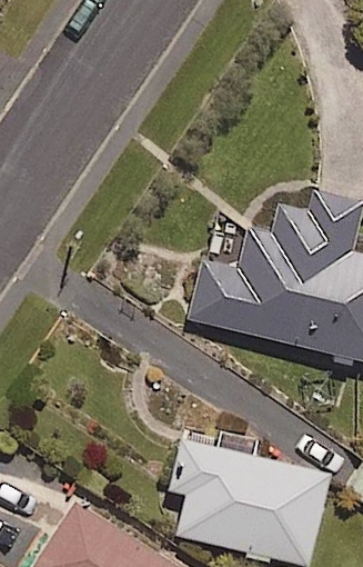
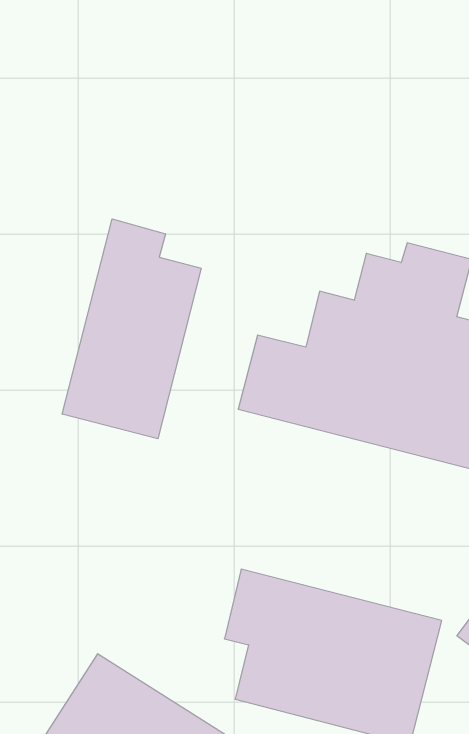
building: none -> [62,219,201,439]

